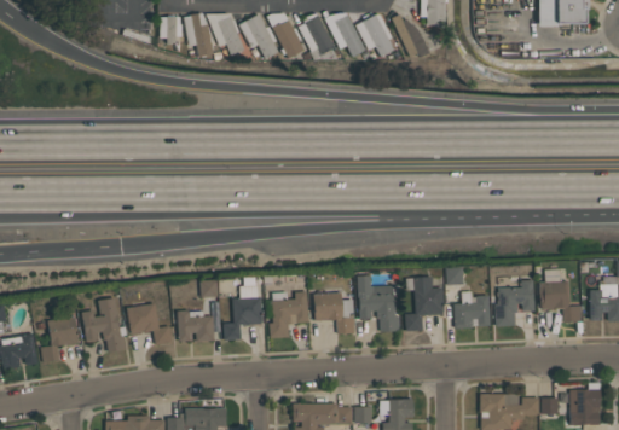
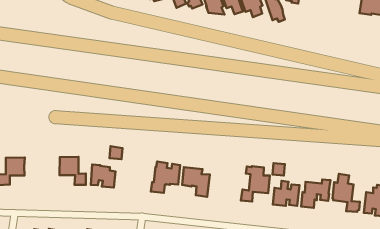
building: [357,275,401,332] -> none
building: [224,278,262,341] -> none
building: [81,297,127,353] -> none

